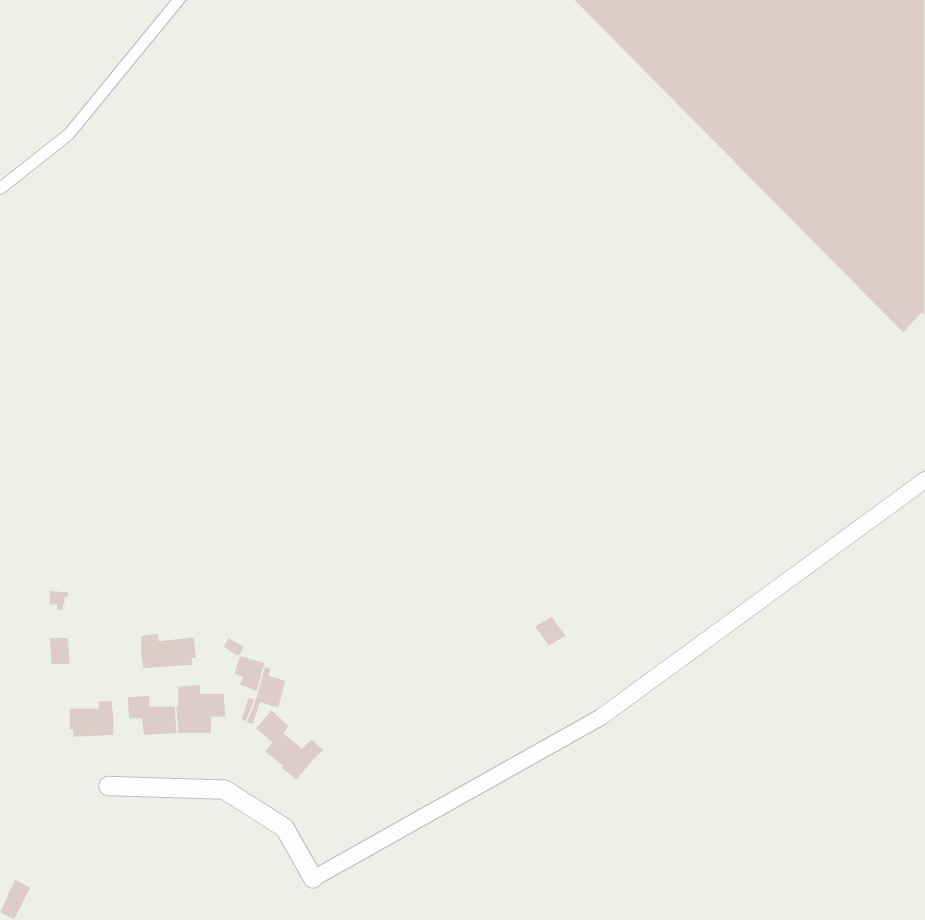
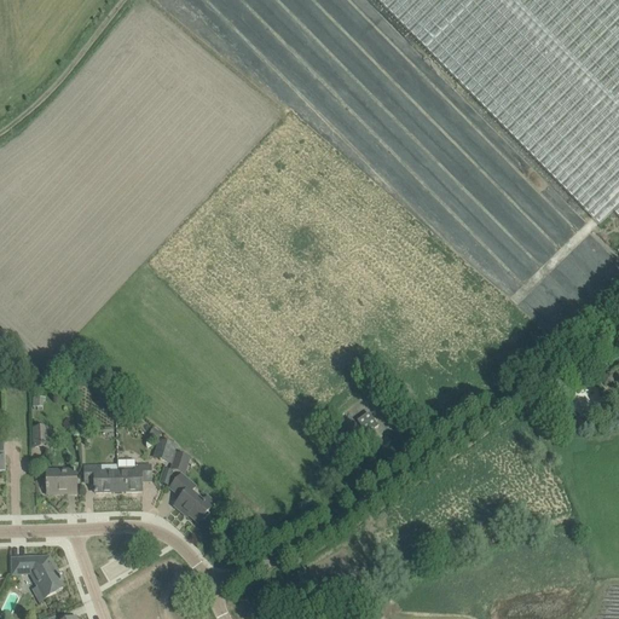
building: [141,633,197,669] -> none
building: none -> [12,556,64,600]

